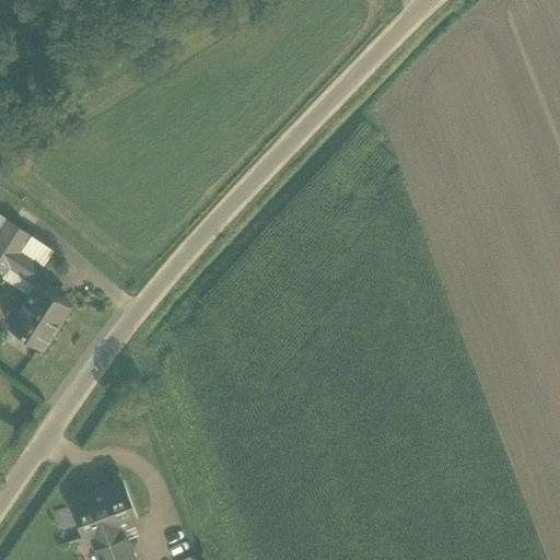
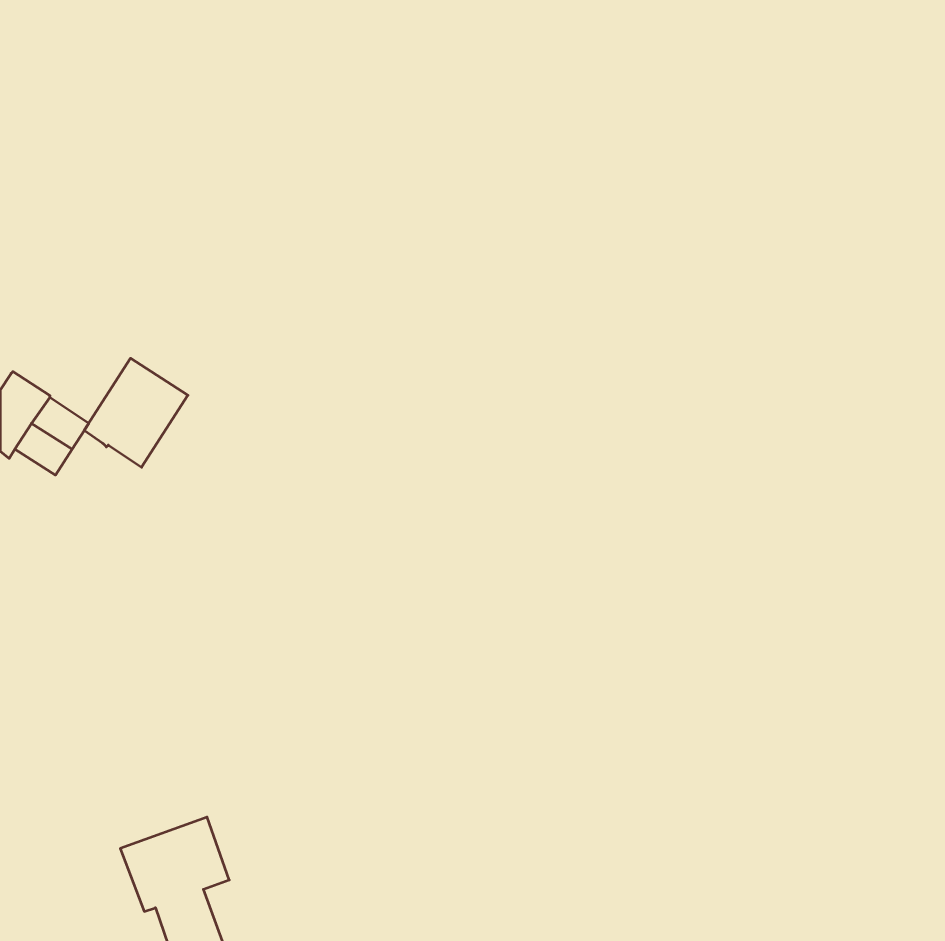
building: [9,285,70,350] -> [84,358,188,467]

